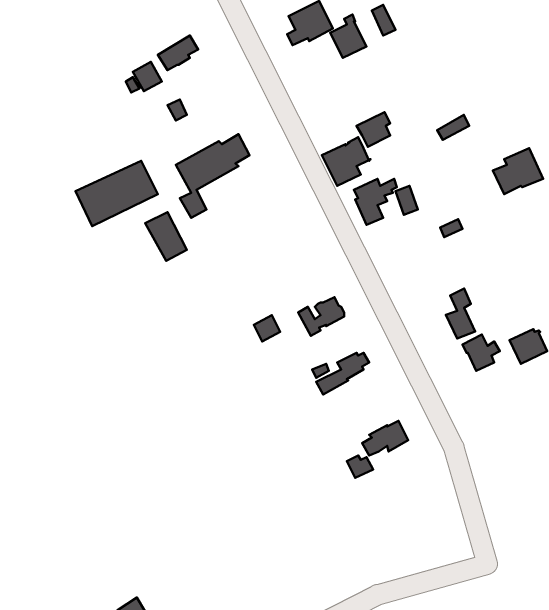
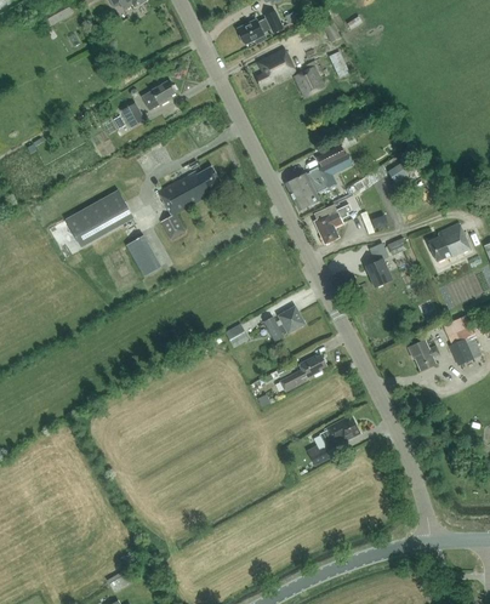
building: [493,148,543,194] -> [427,221,471,261]
building: [446,289,475,339] -> [366,241,392,285]

